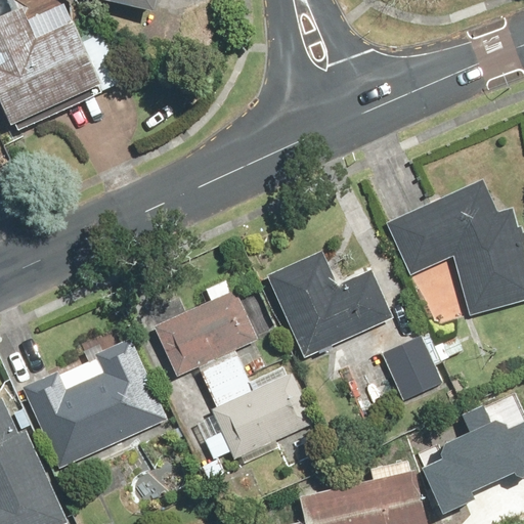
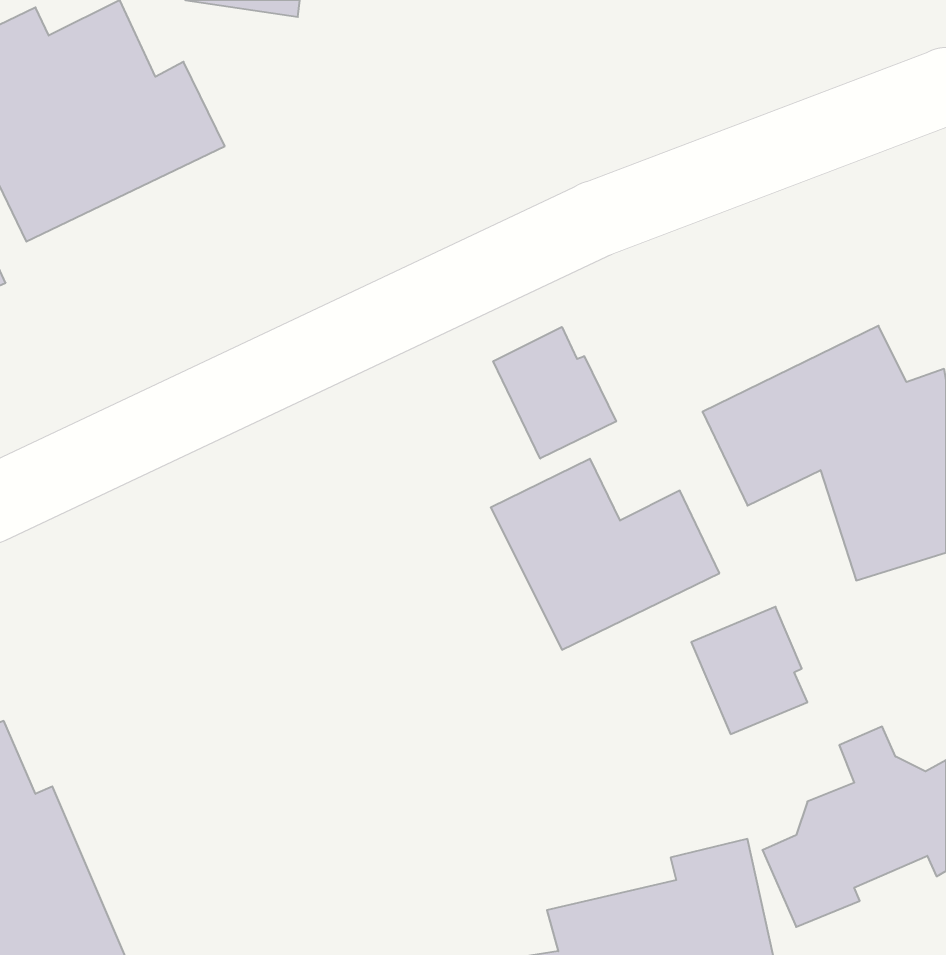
building: none -> [493,327,616,459]
building: [152,282,315,483] -> none
building: [21,339,168,469] -> none

